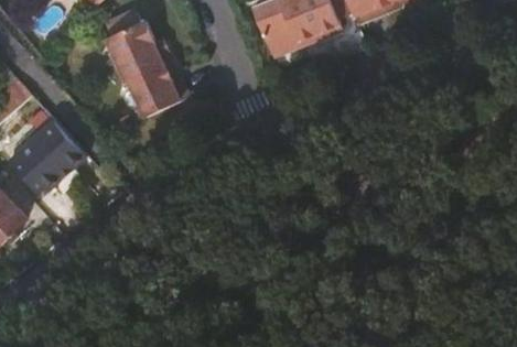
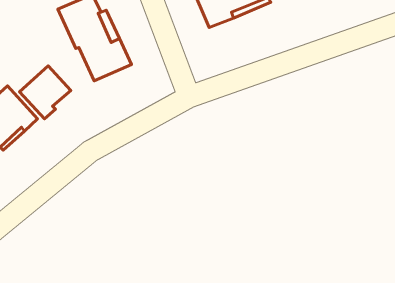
building: none -> [20,66,71,119]

